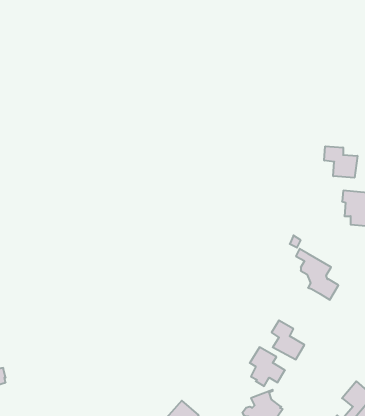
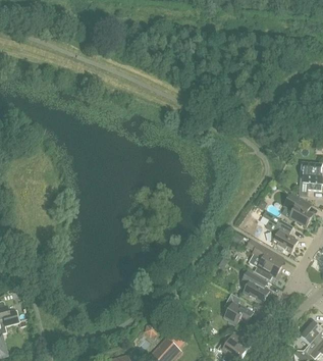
building: [324,146,357,178] -> none
building: none -> [283,194,313,226]
building: none -> [247,240,281,280]

